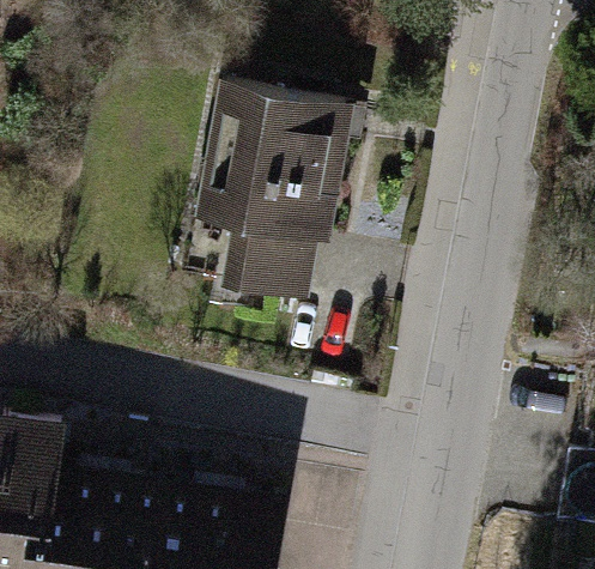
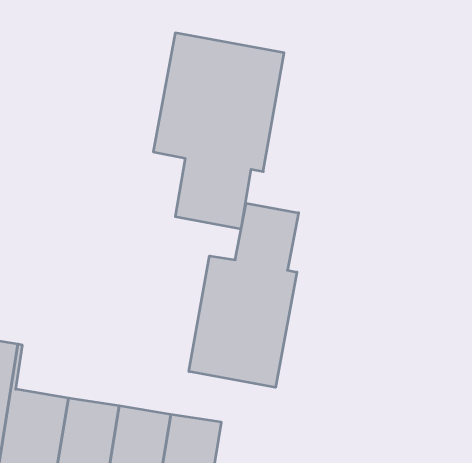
building: none -> [189,203,299,387]

